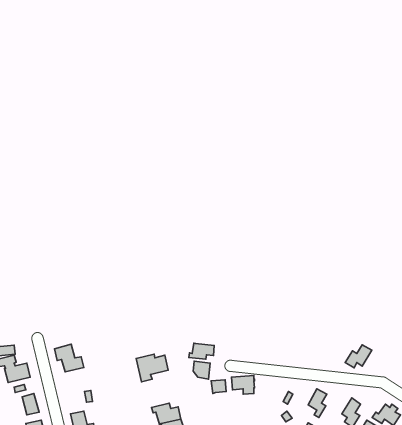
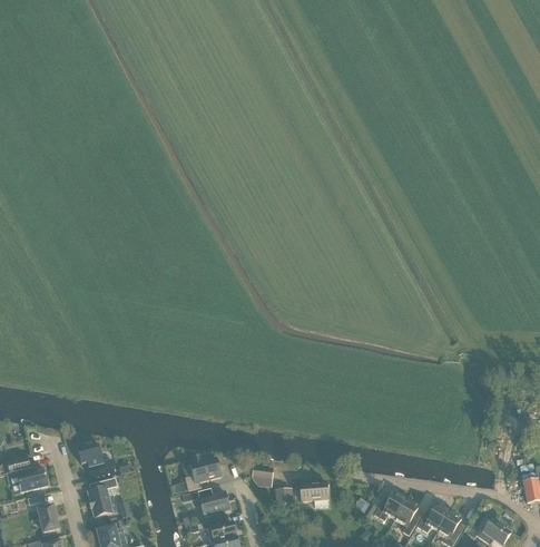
building: [189,343,214,359] -> none
building: [345,345,372,368] -> [416,504,450,533]
building: none -> [88,477,117,517]
building: none -> [197,487,229,515]
building: none -> [374,491,406,520]

